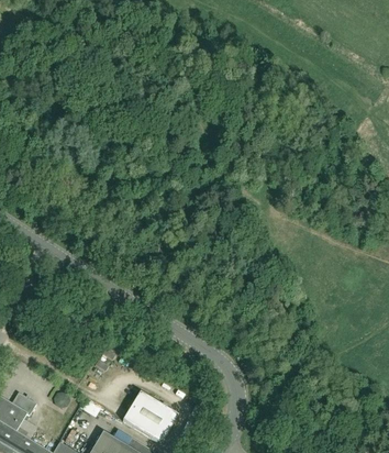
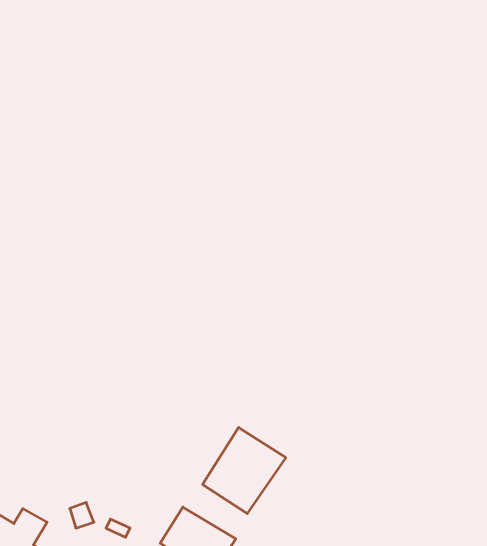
building: none -> [203,427,286,514]

